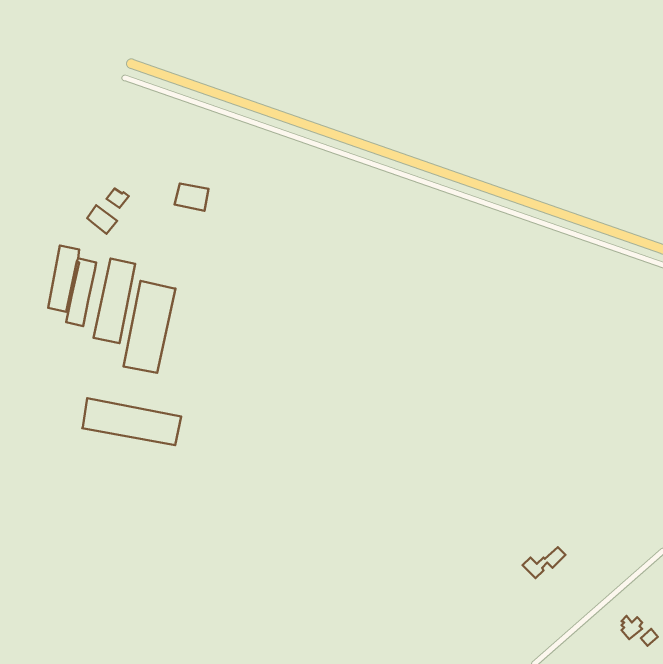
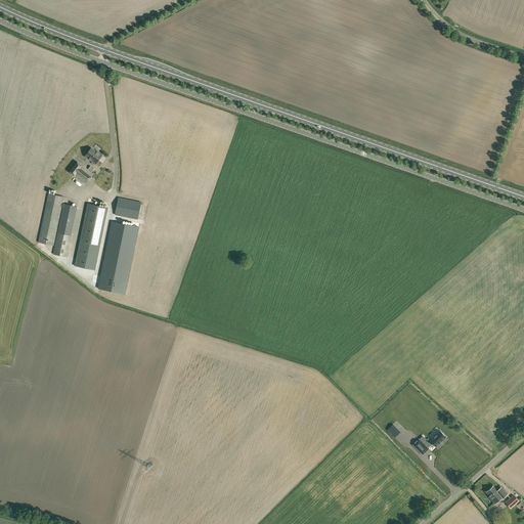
building: [175,184,208,211] -> [114,198,140,219]
building: [82,398,181,445] -> none

